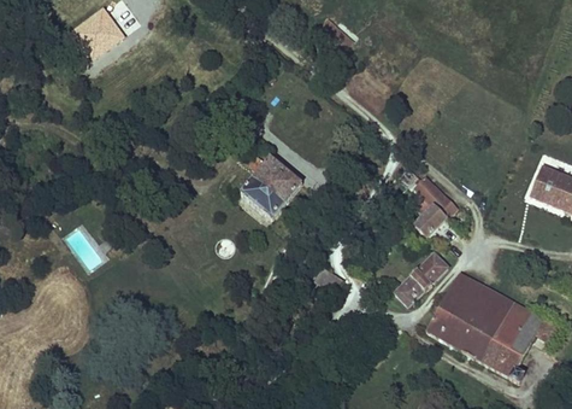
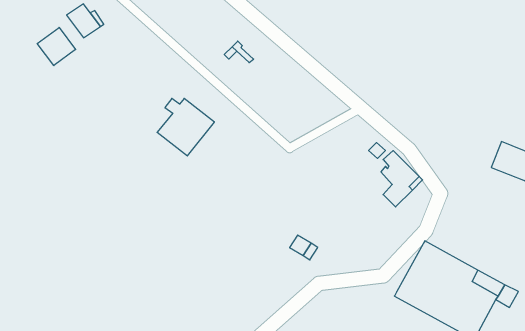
building: none -> [37,27,76,66]
building: [241,154,302,216] -> [157,98,214,156]
building: [395,251,448,304] -> none

